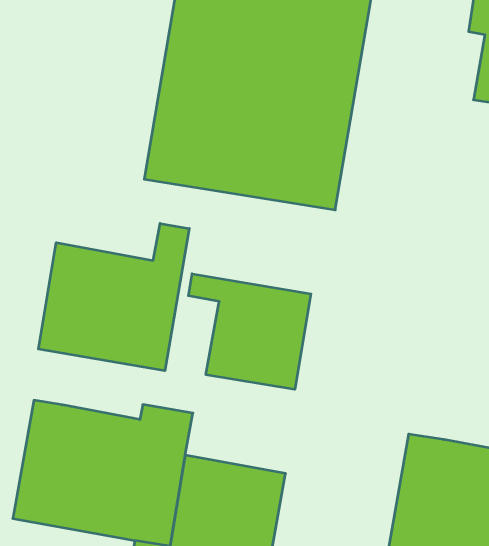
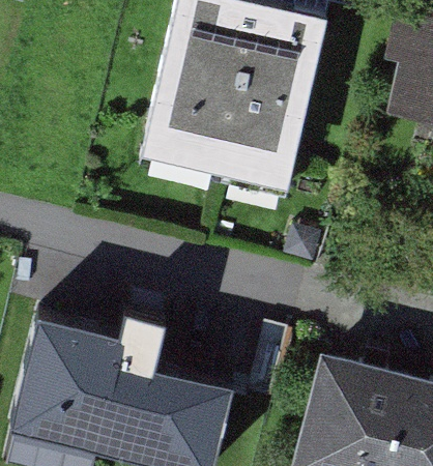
building: [38,223,189,371] -> none
building: [188,274,311,389] -> none

